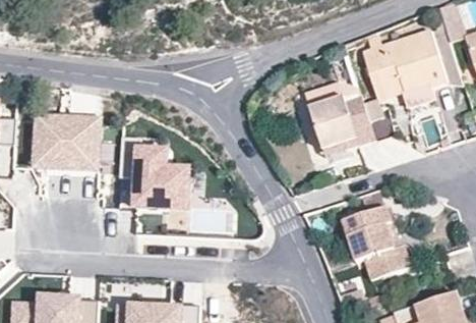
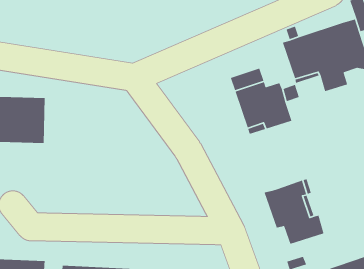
building: [129,142,188,205] -> none

